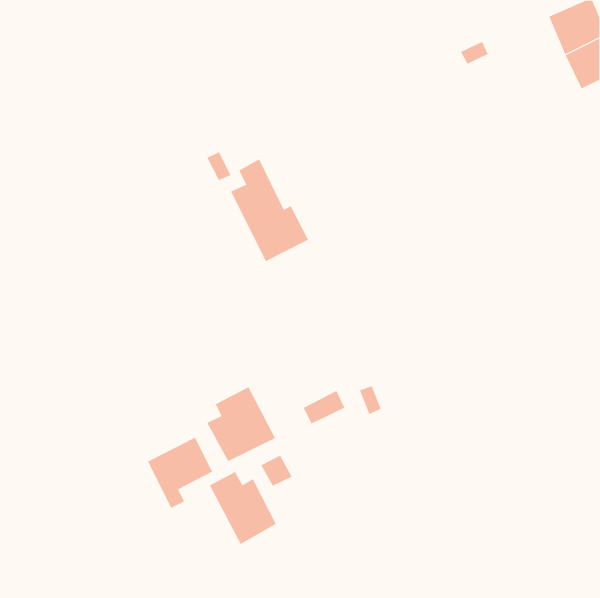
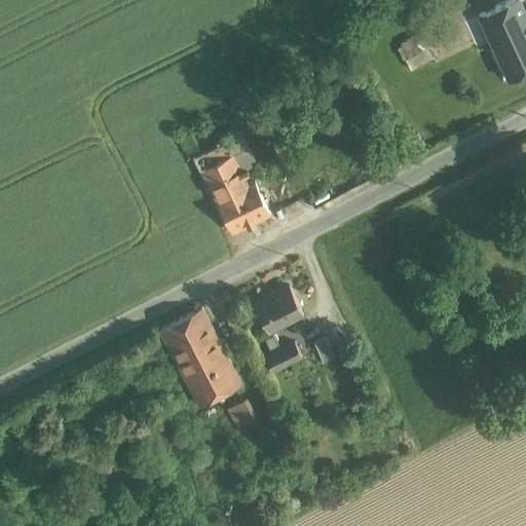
building: none -> [255,288,304,334]
building: [147,437,213,508] -> [160,309,218,372]
building: [209,471,276,545] -> none

